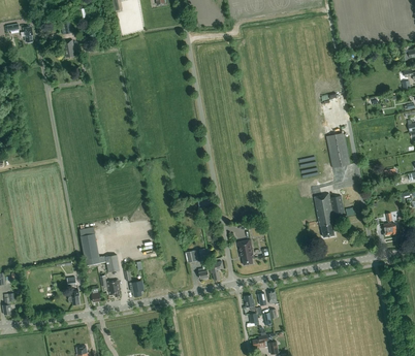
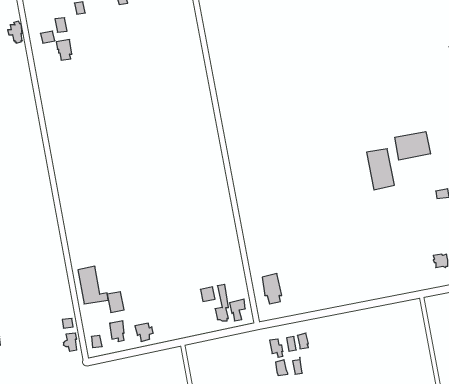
building: none -> [395,132,430,160]
building: [314,194,344,237] -> none

